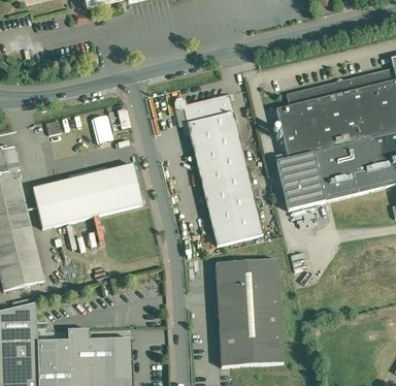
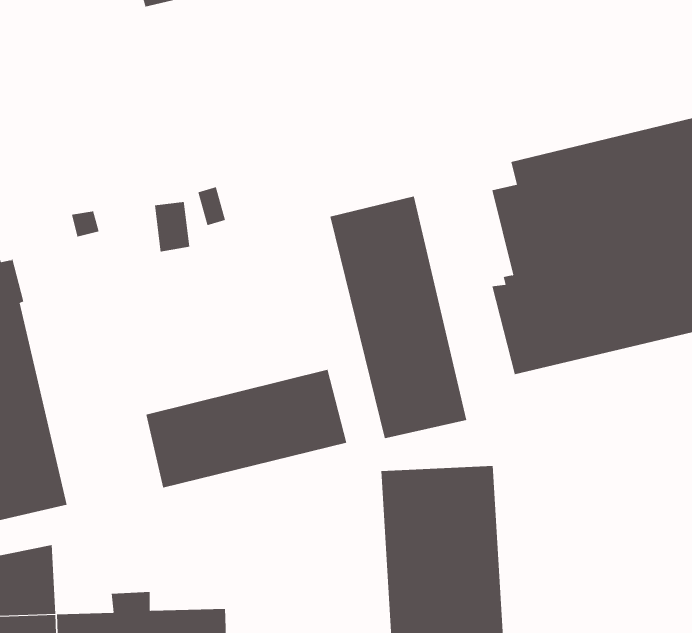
building: [173,94,233,123] -> none
building: [32,163,142,228] -> [145,369,347,488]

